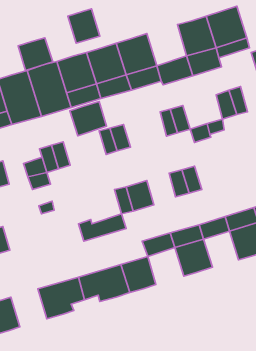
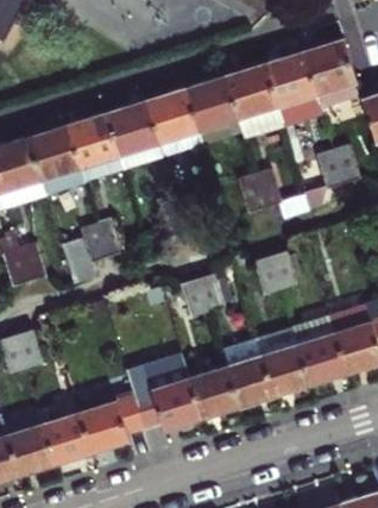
building: [68,9,100,43] -> none
building: none -> [223,63,276,118]
building: [18,38,53,71] -> none
building: [70,101,107,136] -> none
building: [78,214,126,241] -> [126,360,189,396]
building: none -> [298,335,345,383]
building: none -> [225,357,272,406]
building: none -> [44,412,92,462]

